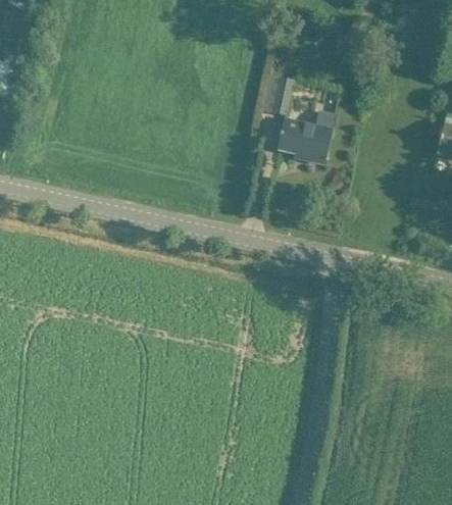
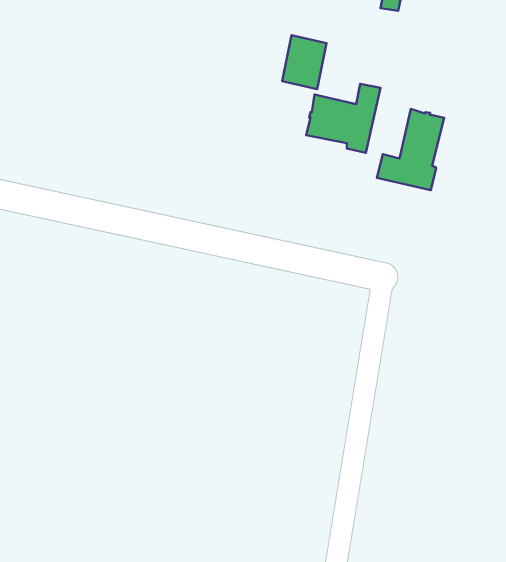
building: none -> [377,109,444,190]

